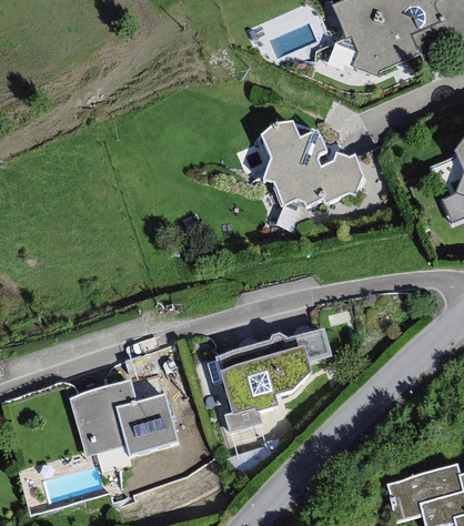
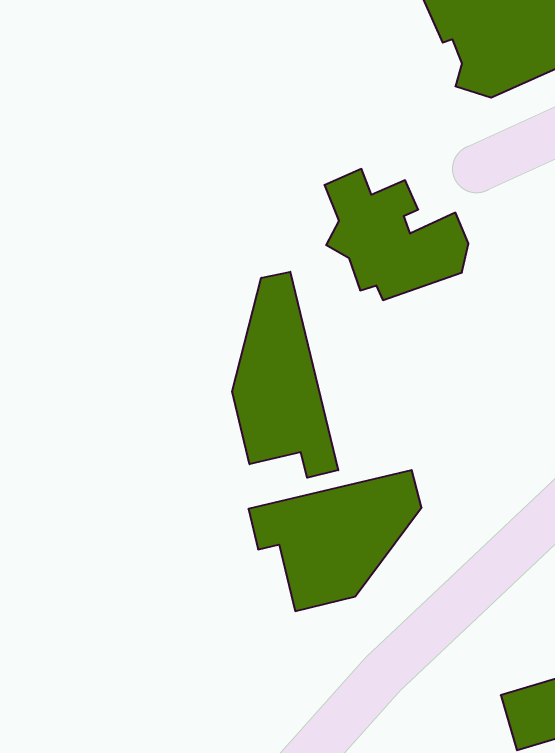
building: none -> [232,272,338,478]
building: [63,376,171,455] -> none

